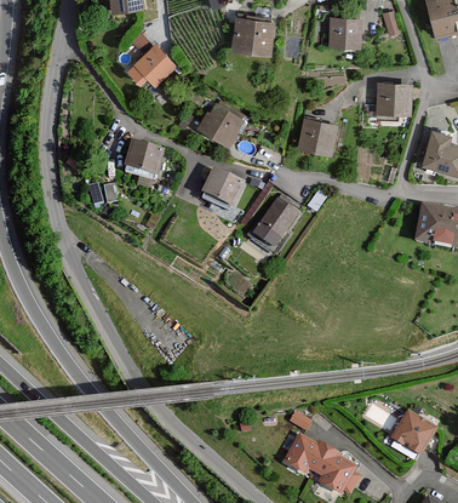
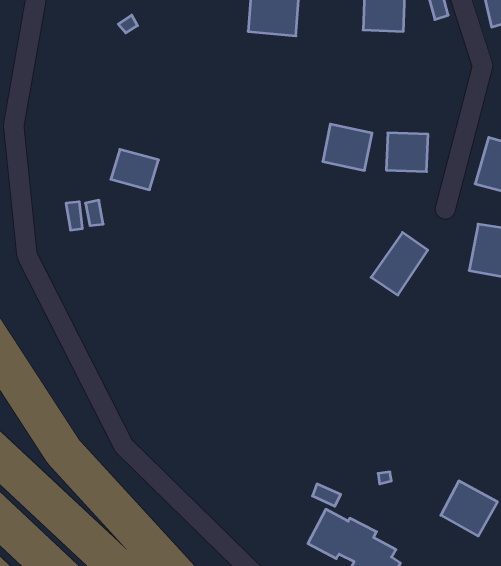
building: [134,44,176,84] -> none
building: [376,85,410,116] -> [386,133,428,172]
building: [197,102,245,147] -> none
building: [202,168,245,206] -> none
building: [252,199,298,250] -> [371,232,428,295]

